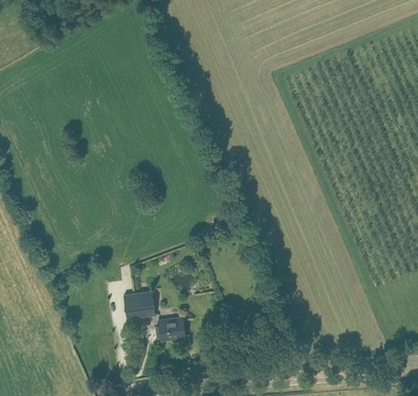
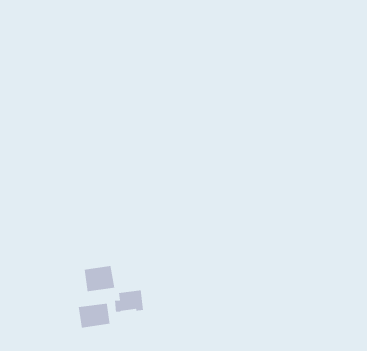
building: none -> [78,303,110,328]

